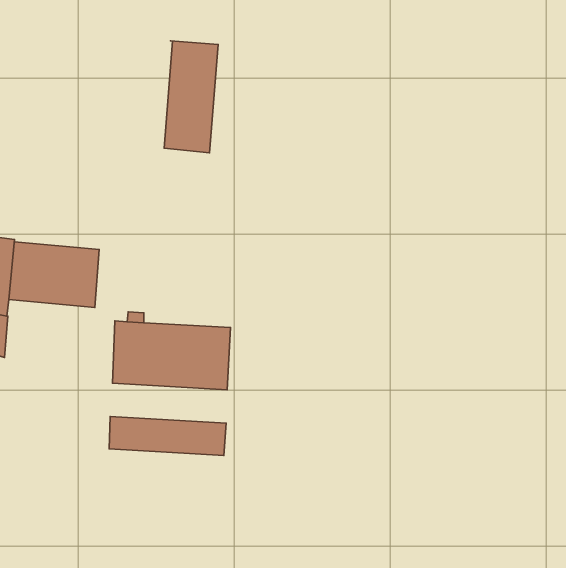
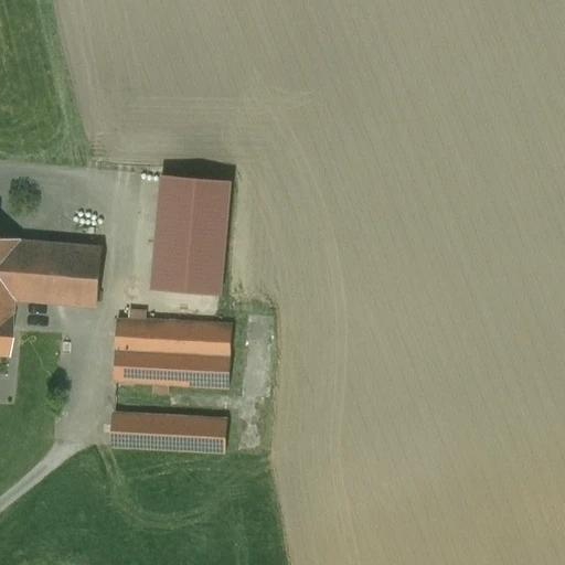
building: [164,41,218,153] -> none
building: none -> [154,168,237,289]

